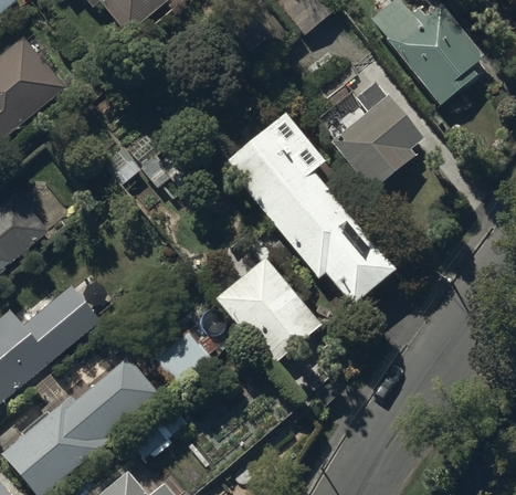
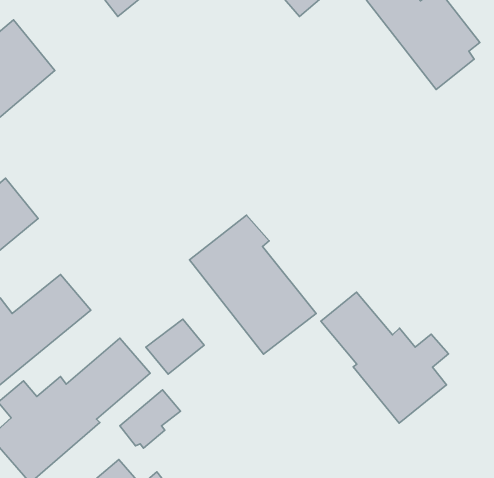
building: [330,81,422,192] -> none
building: [223,113,396,307] -> none
building: none -> [321,292,448,423]

